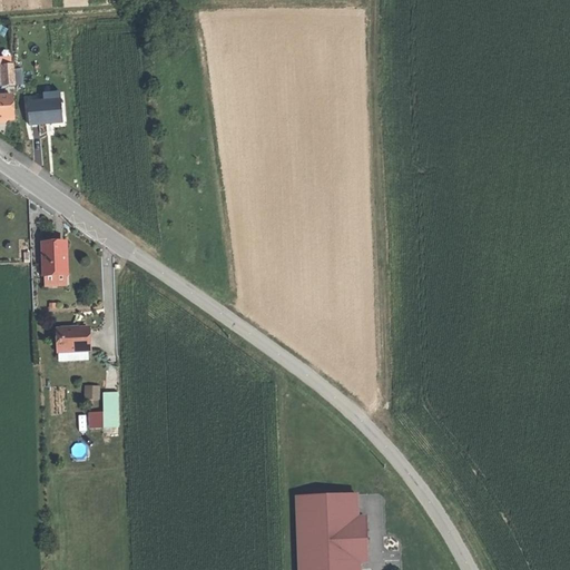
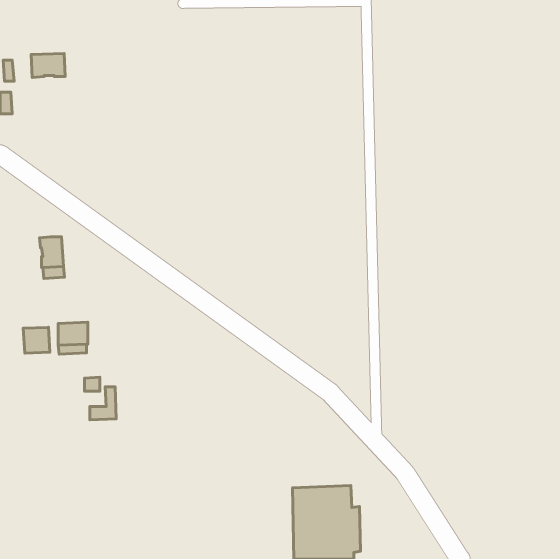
building: [27,98,61,122] -> [31,53,65,78]
building: none -> [23,327,50,353]

